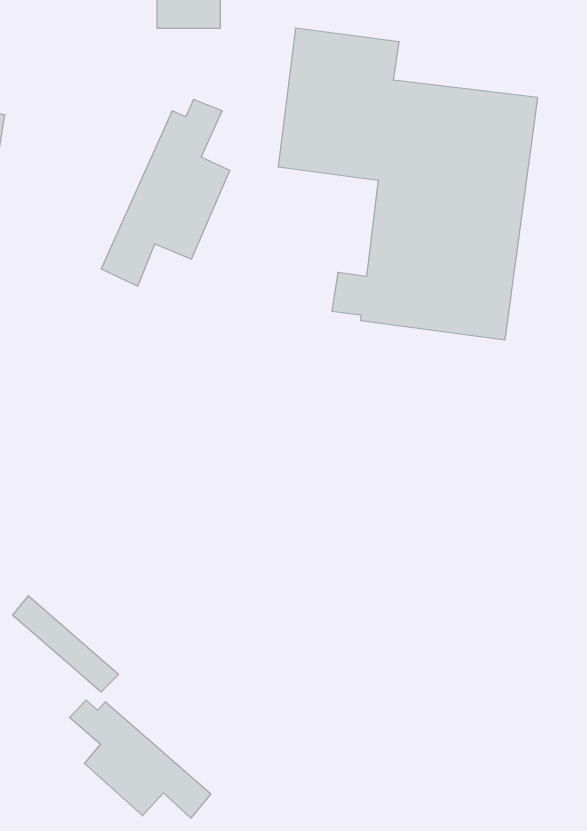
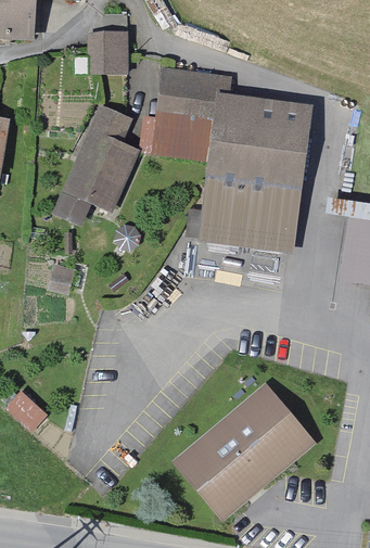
building: none -> [180,386,312,513]
building: [69,700,211,818] -> none

